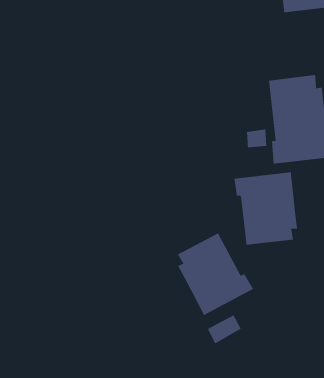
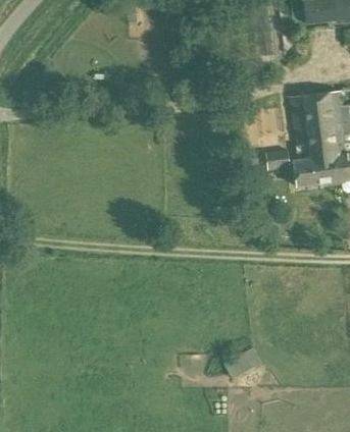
building: [234,172,297,245] -> none
building: [177,233,254,316] -> none

